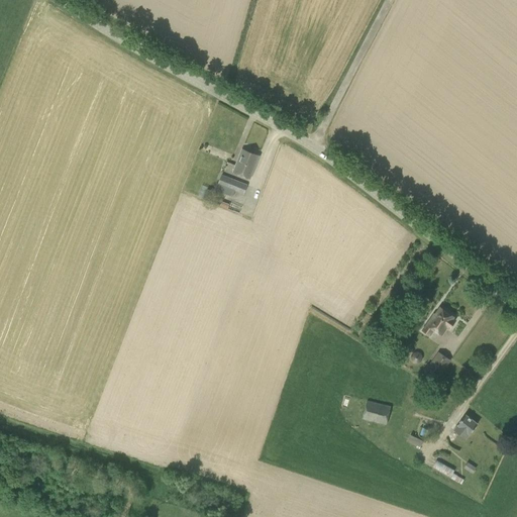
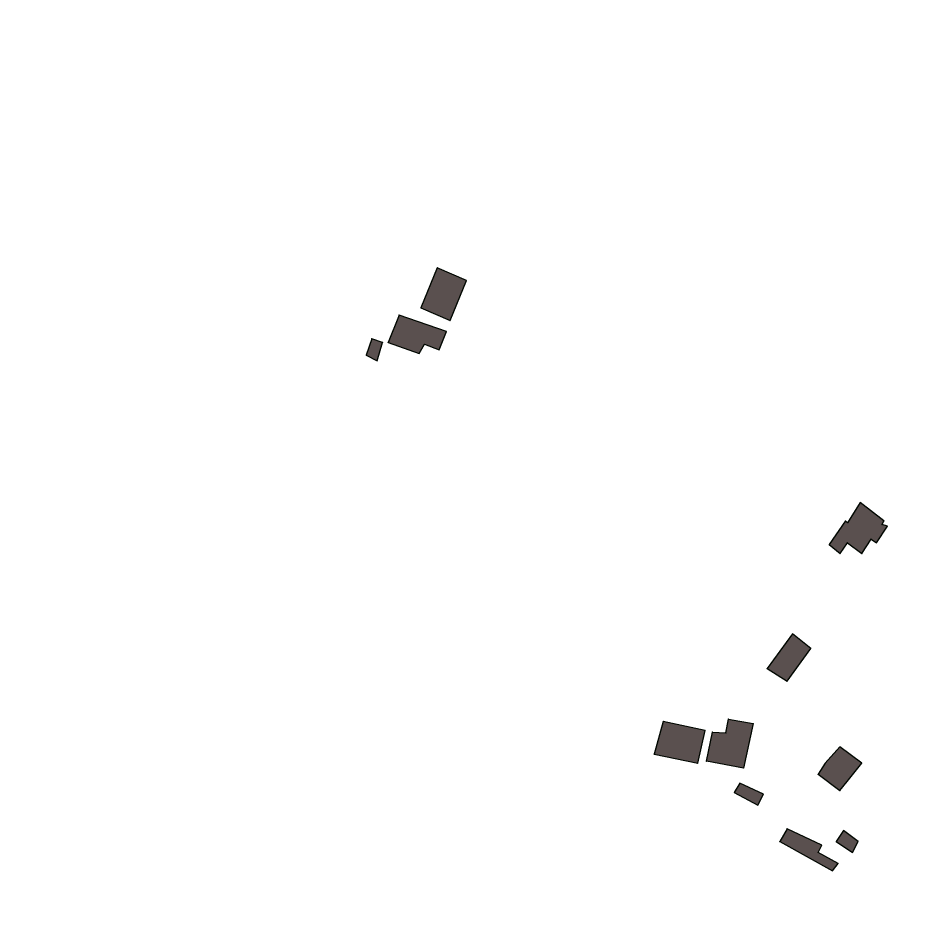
building: [423,306,455,334] -> [829,503,887,554]
building: none -> [706,719,753,768]

